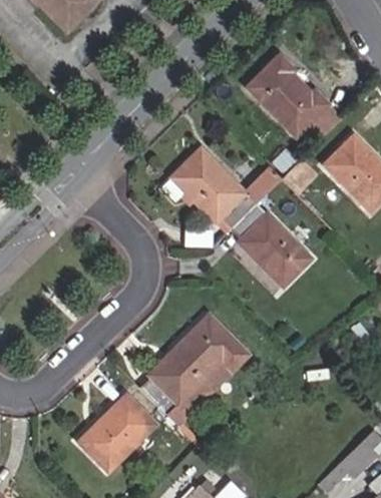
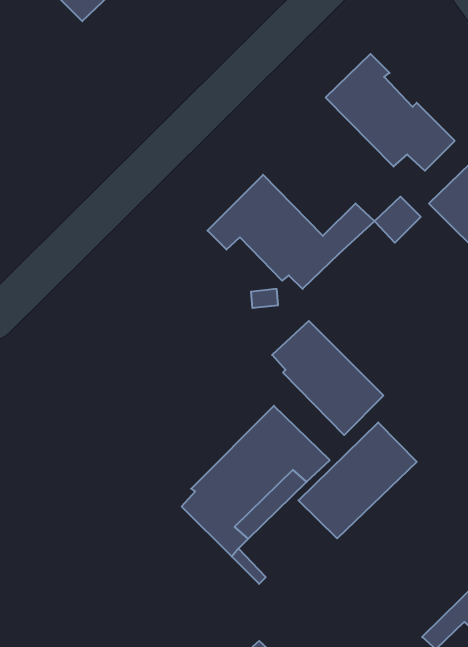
building: [230,202,312,287] -> [272,321,383,435]
building: none -> [298,422,417,538]
building: [78,393,156,471] -> none

